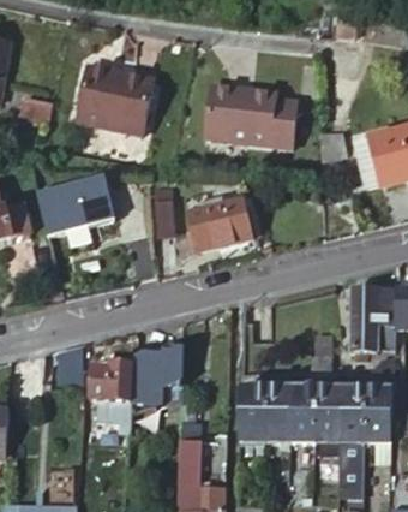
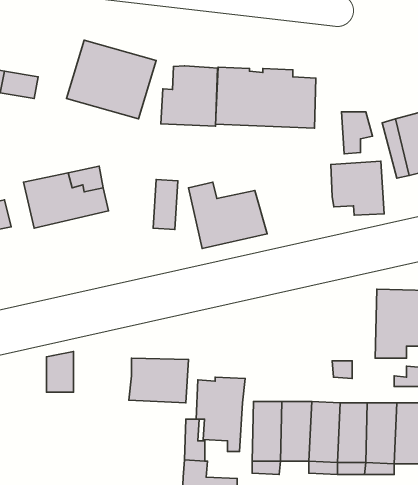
building: none -> [161,66,218,126]
building: none -> [331,161,384,215]
building: [90,364,133,430] -> [196,377,245,452]

